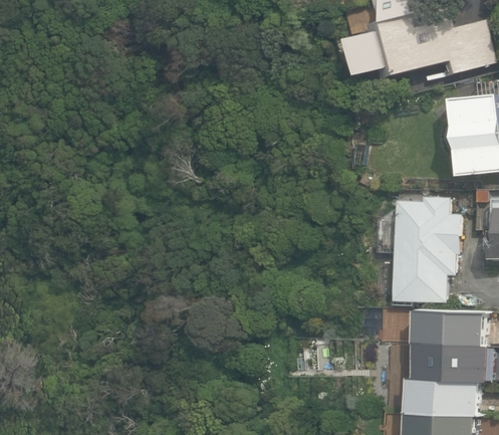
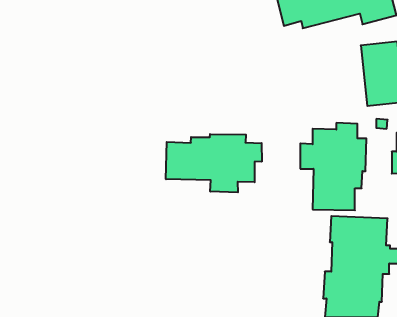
building: none -> [166,134,262,192]

